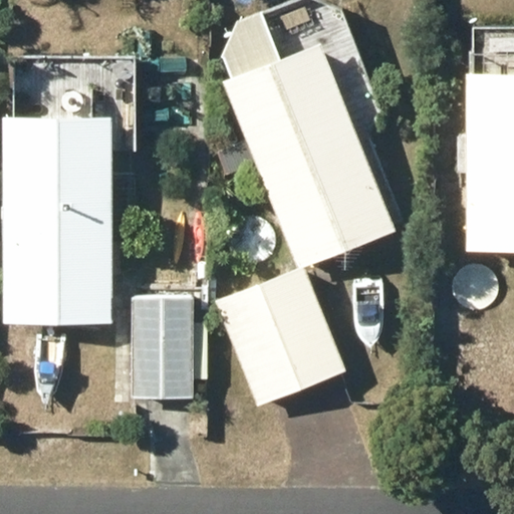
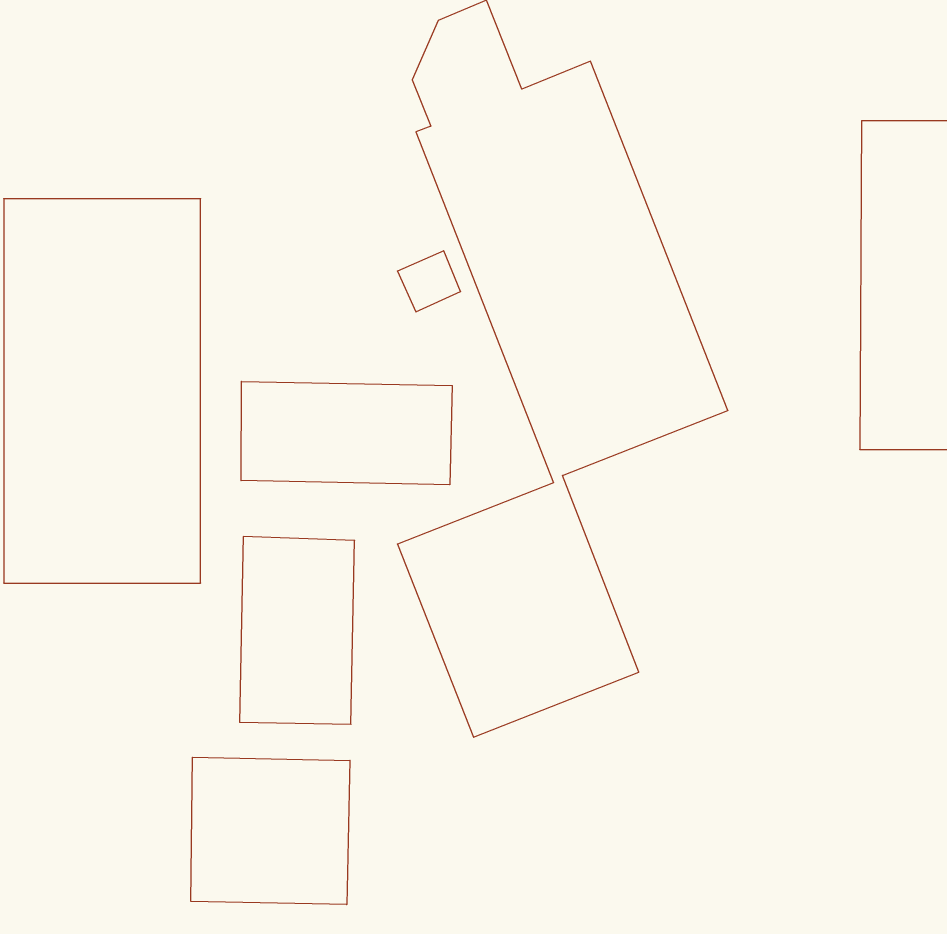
building: none -> [241,381,452,485]
building: none -> [191,757,350,905]

